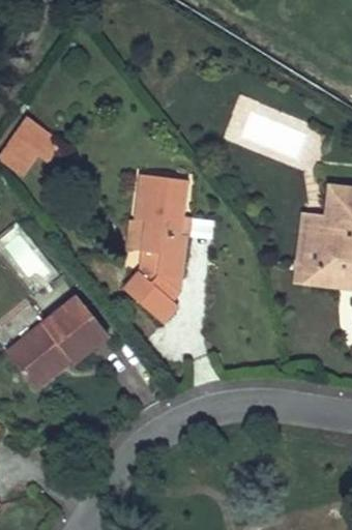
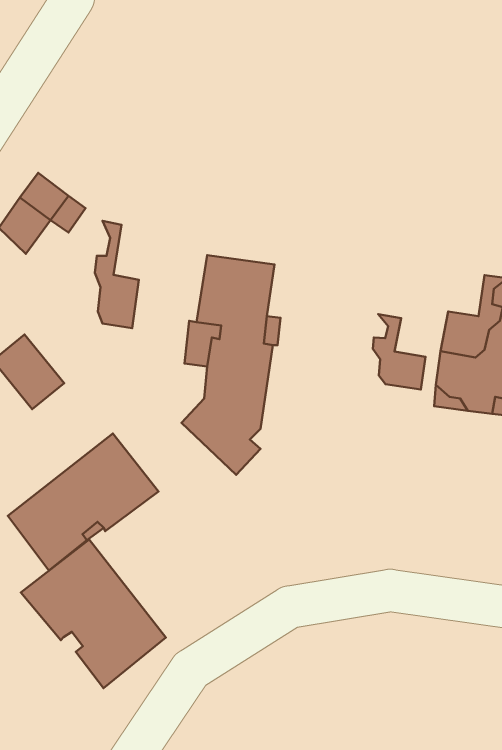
building: none -> [95,221,139,328]
building: none -> [373,314,425,389]
building: none -> [21,539,166,688]

